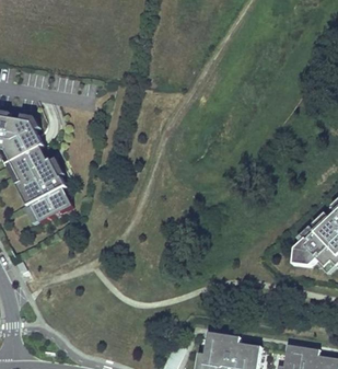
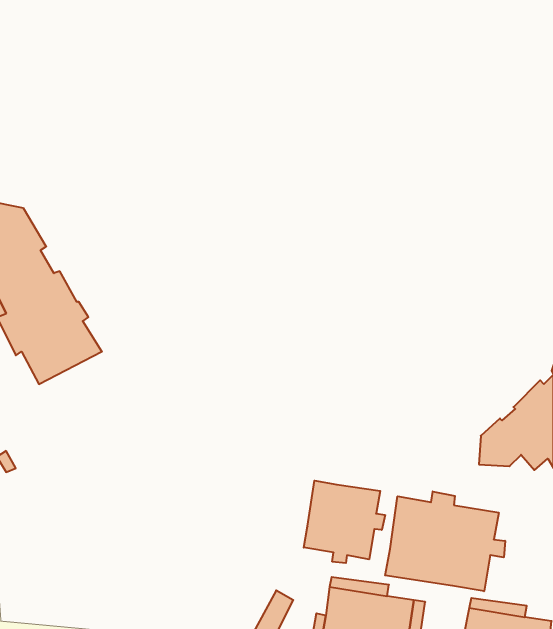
building: none -> [304,481,385,563]
building: none -> [385,491,505,591]

